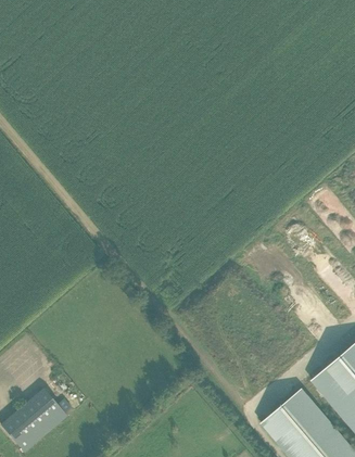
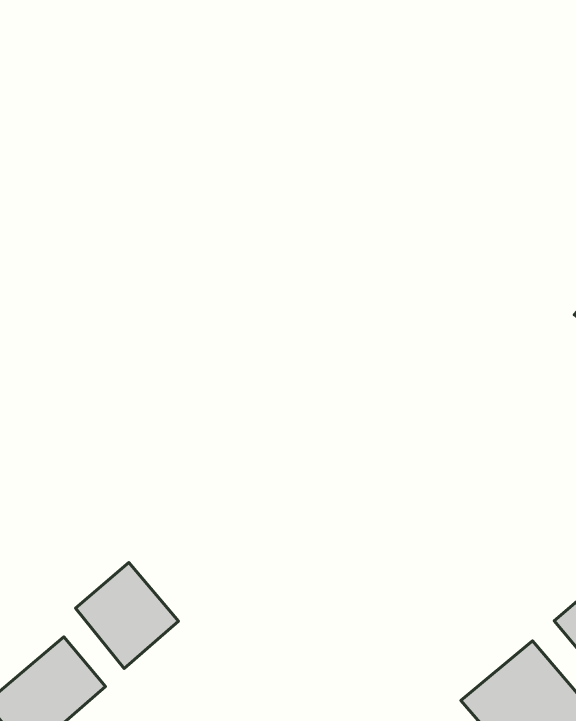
building: none -> [75,563,178,668]

